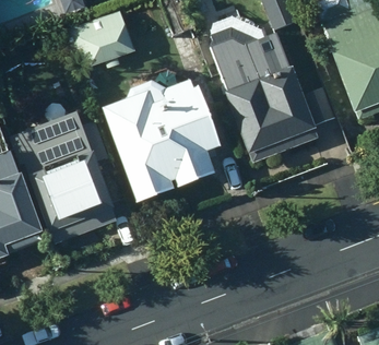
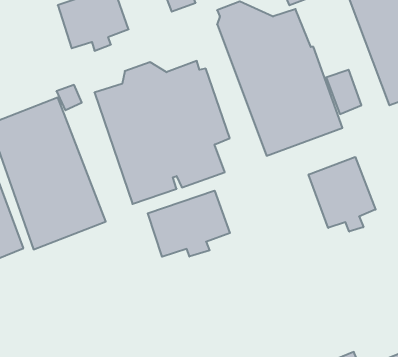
building: none -> [309,157,376,232]
building: none -> [148,191,230,257]

